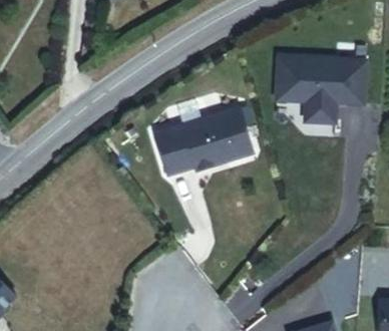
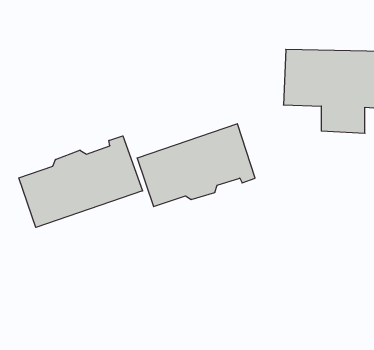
building: none -> [19,136,143,227]

